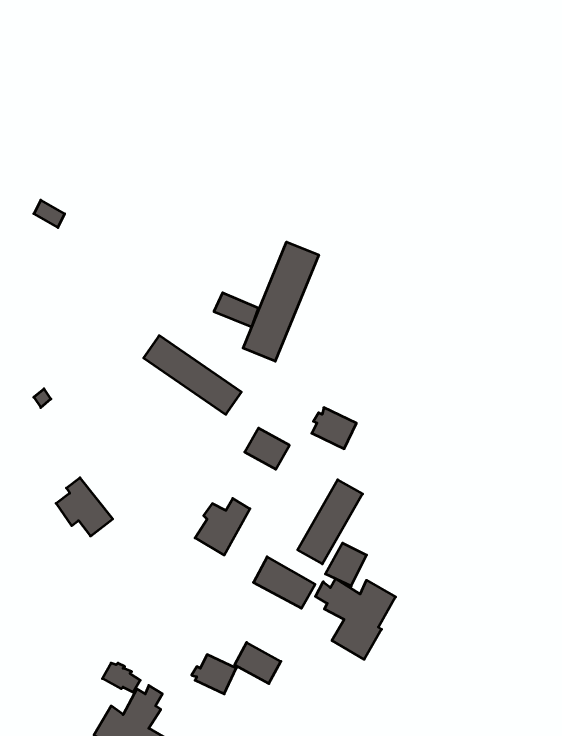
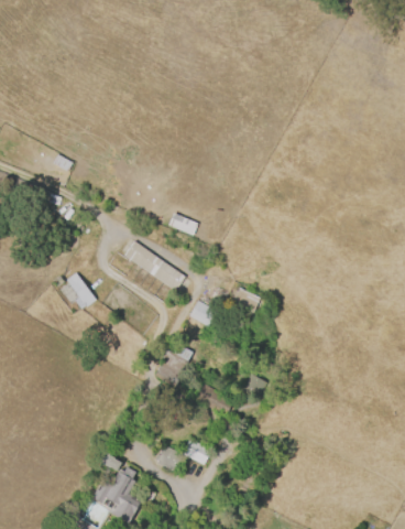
building: [243,242,319,361] -> none
building: [56,478,113,536] -> [61,273,97,311]
building: [298,480,363,564] -> none
building: [315,579,396,659] -> none

